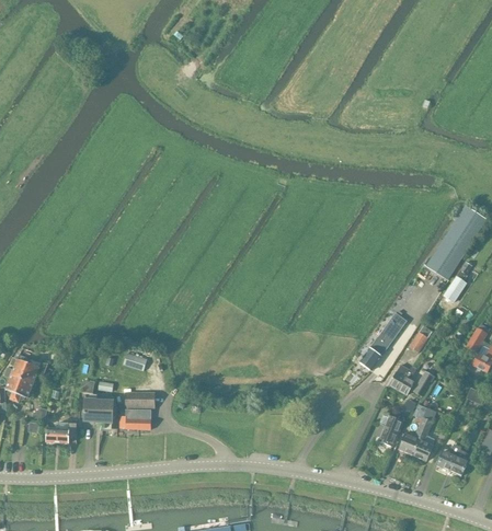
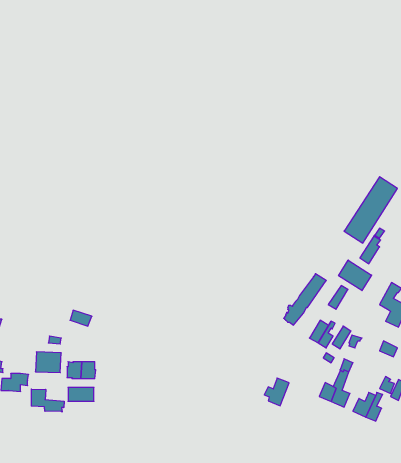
building: none -> [339,260,372,291]
building: [126,393,155,408] -> [68,387,94,401]
building: [375,416,402,447] -> [264,378,289,406]
building: none -> [31,389,64,412]

